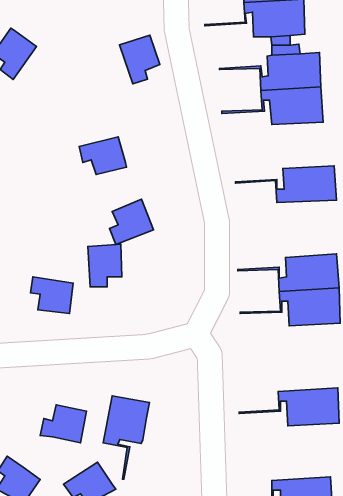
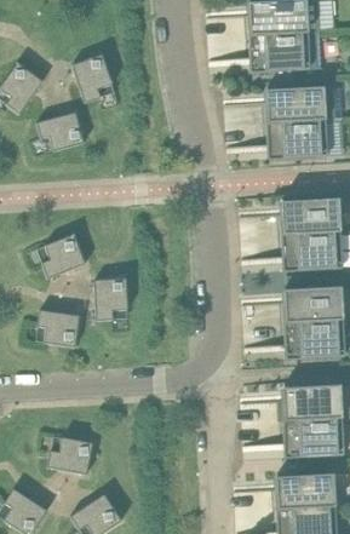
building: [119,35,160,84] -> [73,53,113,102]
building: [79,137,127,175] -> [38,111,85,149]
building: [110,199,154,244] -> [42,232,86,277]
building: none -> [243,232,343,270]
building: none -> [242,385,343,423]
building: [103,396,150,479] -> none
building: none -> [236,473,335,511]

